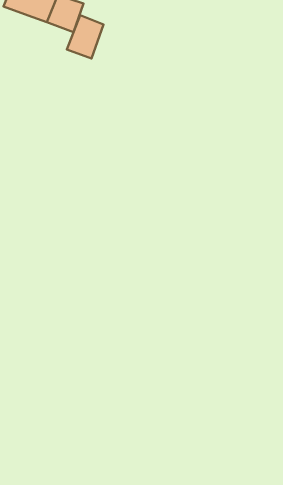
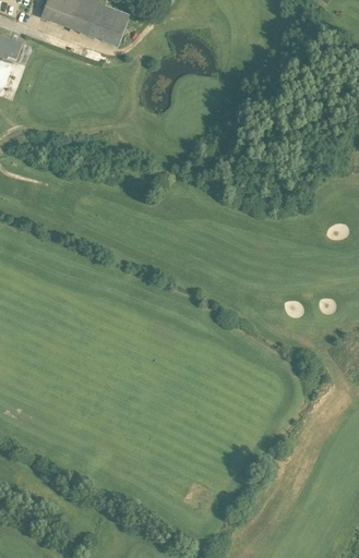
building: [67,15,103,59] -> none

